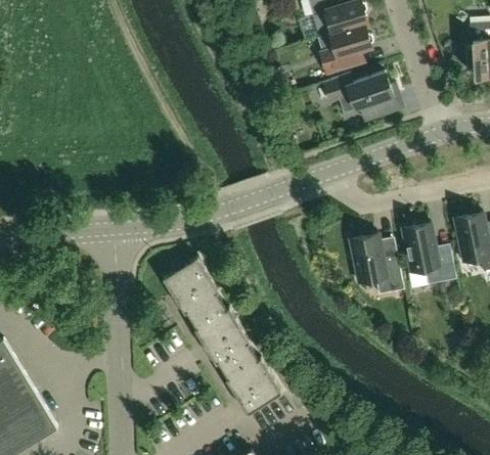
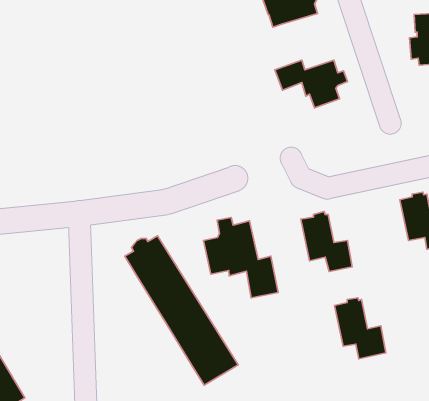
building: [320,22,372,74] -> none
building: [402,221,456,285] -> [335,298,386,359]
building: none -> [203,217,278,298]

